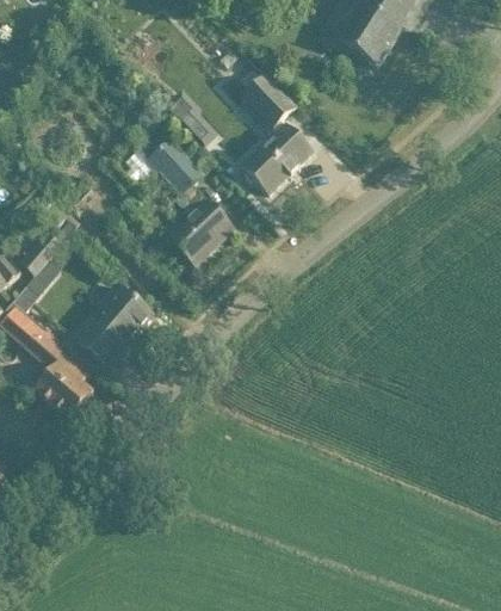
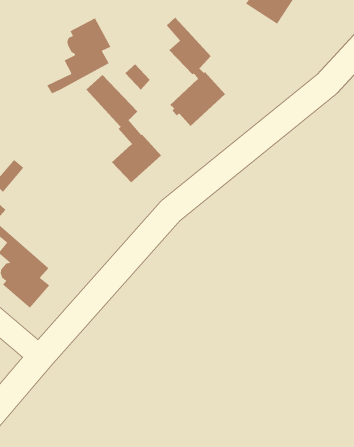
building: none -> [46,17,111,94]
building: [78,283,154,368] -> none

